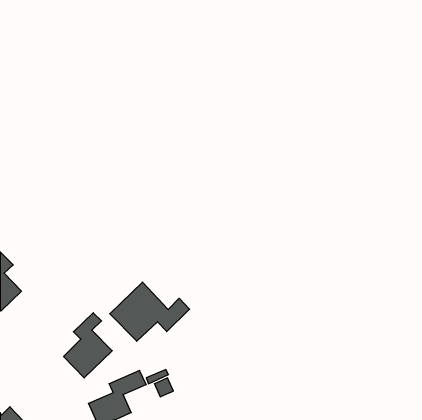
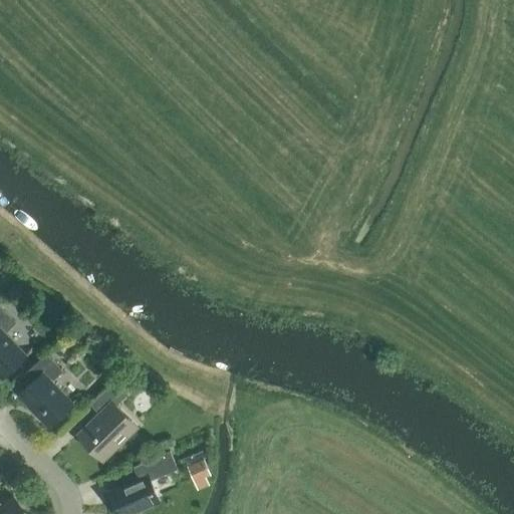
building: [110,282,190,341] -> none
building: none -> [18,355,72,429]

